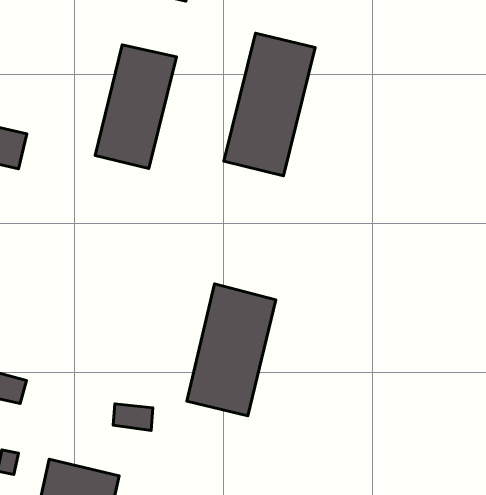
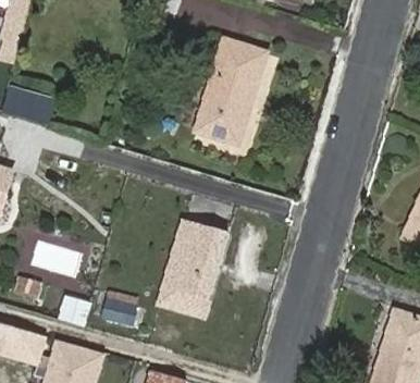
building: [95,45,176,169] -> none

